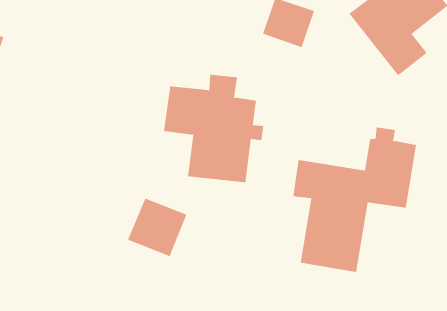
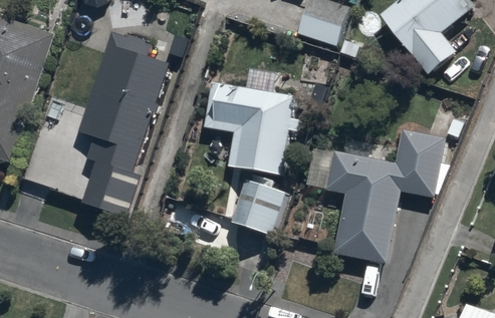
building: none -> [80,32,166,215]
building: [127,198,187,257] -> [229,179,286,235]

